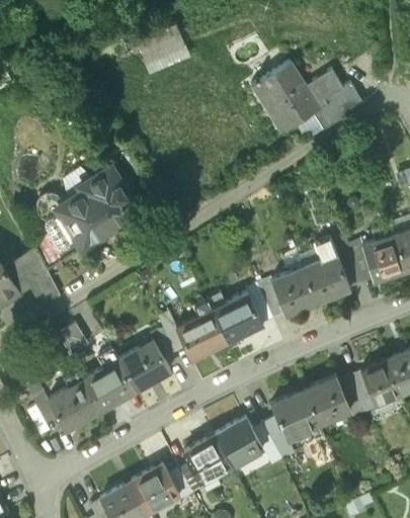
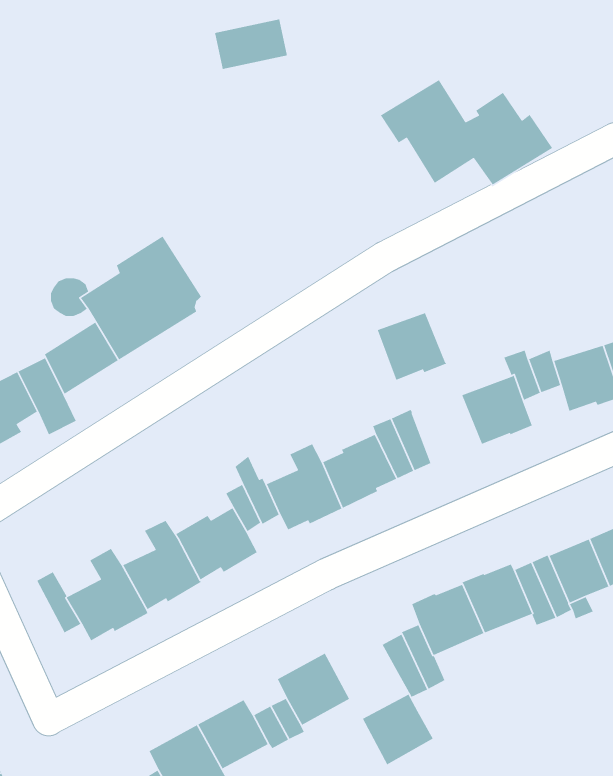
building: [272,269,318,314] -> [377,312,447,381]
building: [59,323,88,355] -> none
building: [216,420,262,466] -> [362,694,434,765]

